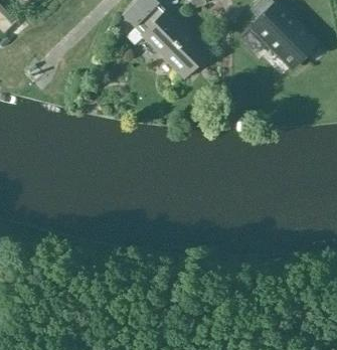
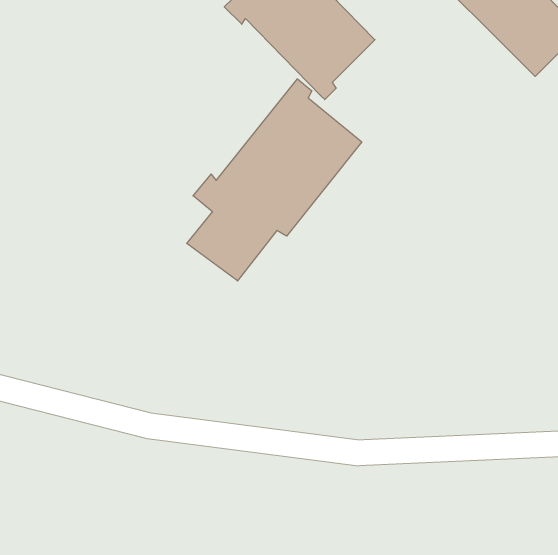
building: none -> [187,79,362,281]

